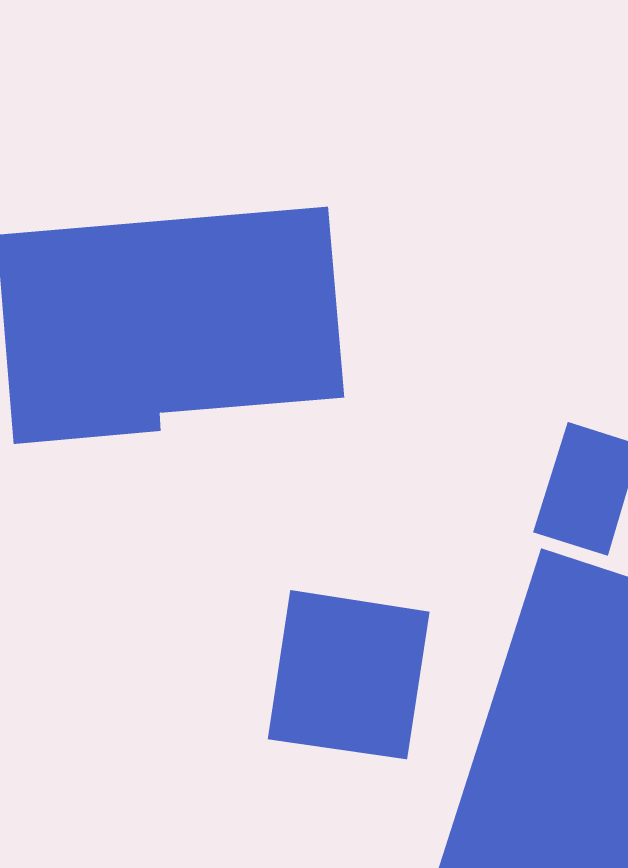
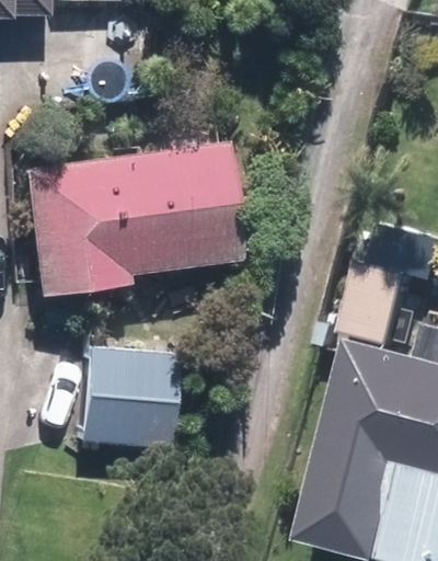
building: [267,589,431,760] -> [80,347,175,447]

